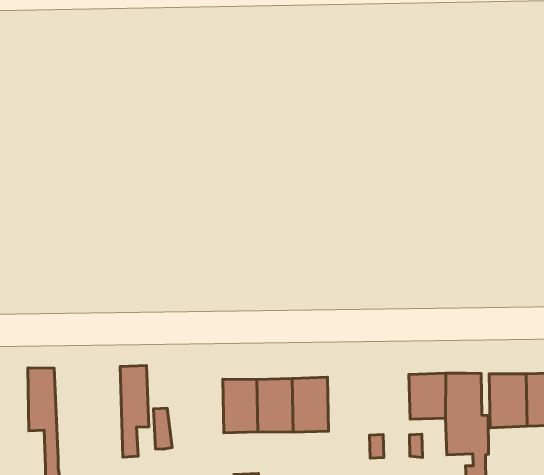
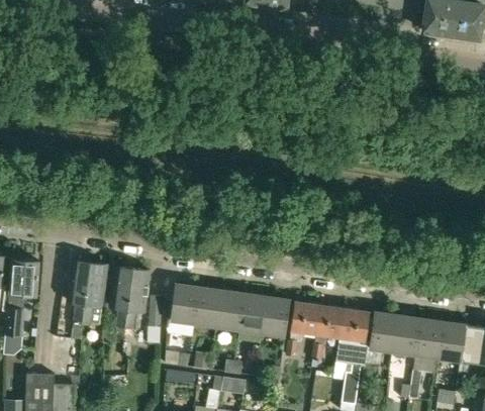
building: none -> [109,265,132,333]
building: none -> [82,262,107,324]
building: none -> [291,300,320,333]
building: none -> [262,297,290,335]
building: none -> [170,284,198,322]

